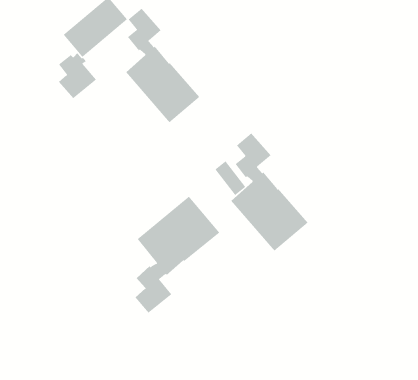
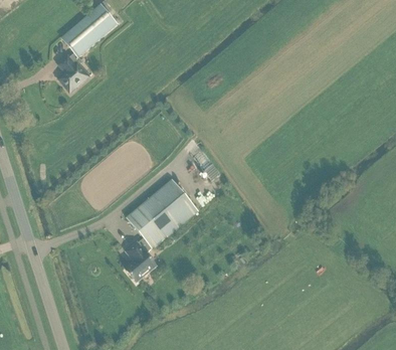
building: [125,8,200,123] -> none
building: [231,133,308,252] -> none

